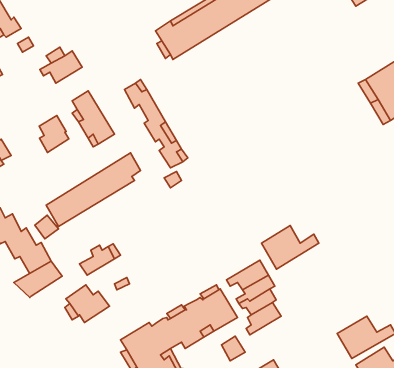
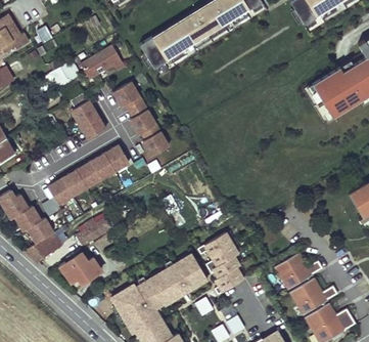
building: none -> [81,45,126,79]
building: [39,115,69,152] -> none
building: [262,226,319,269] -> [275,253,322,289]

